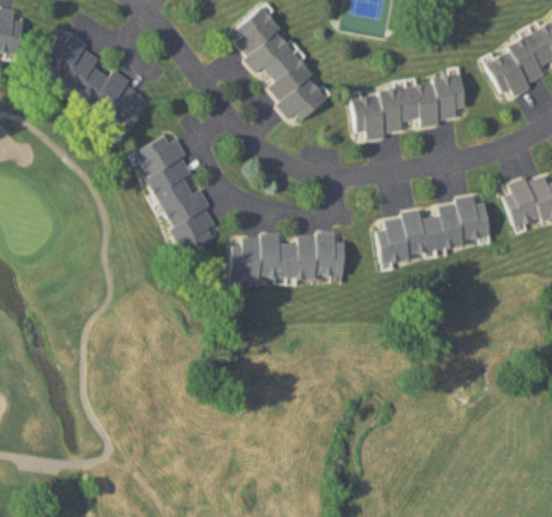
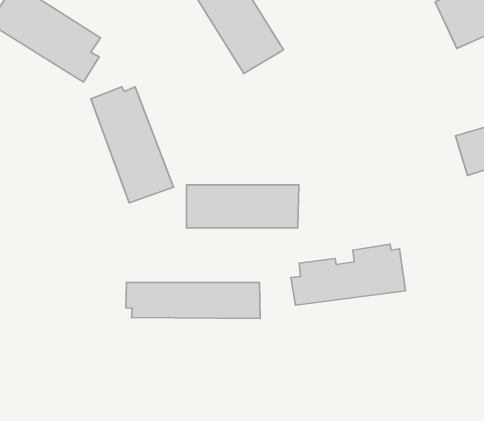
building: [350,77,468,136] -> none
building: [376,197,491,258] -> [291,244,406,305]
building: none -> [126,283,260,318]

